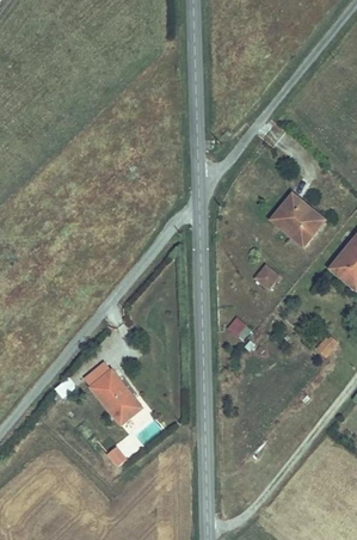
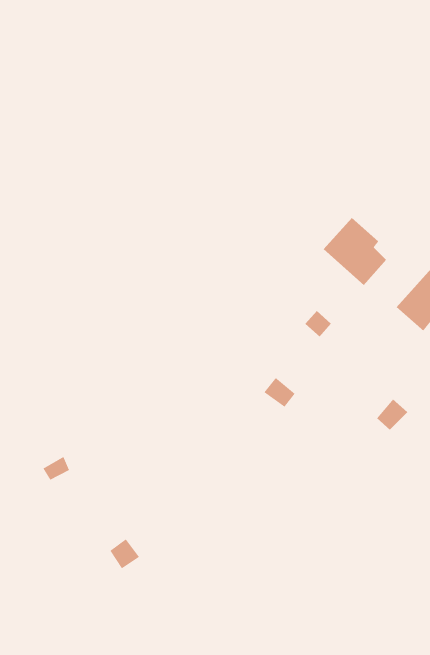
building: [88,370,141,424] -> none

